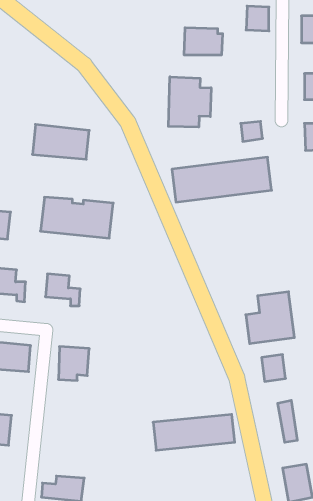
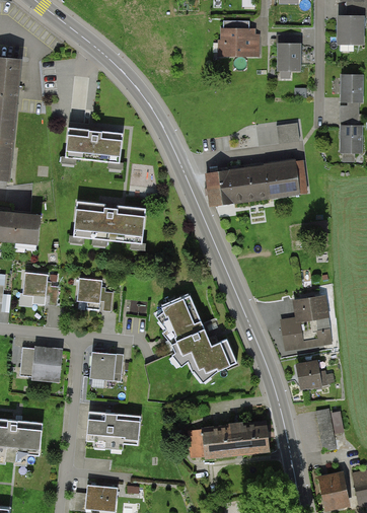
building: [246,6,269,31] -> [279,44,302,69]
building: [168,77,211,127] -> none
building: none -> [154,296,233,384]
building: none -> [86,410,141,448]

